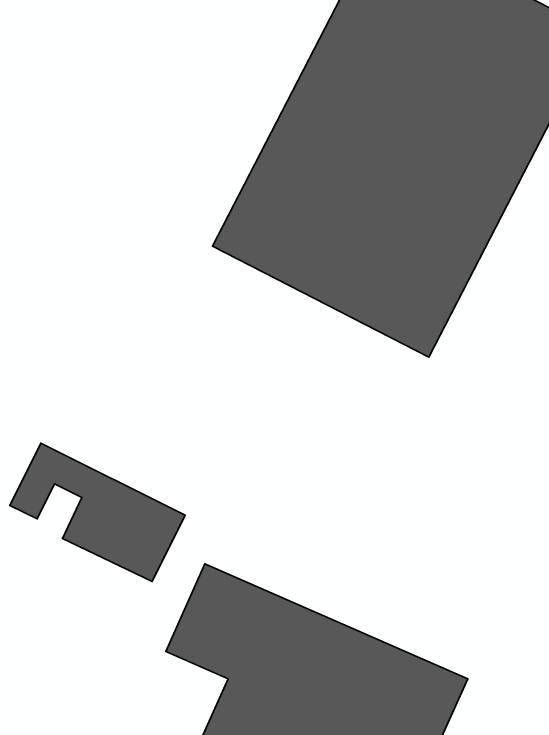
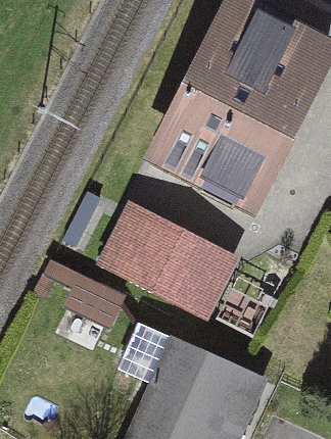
building: none -> [97,200,238,318]

